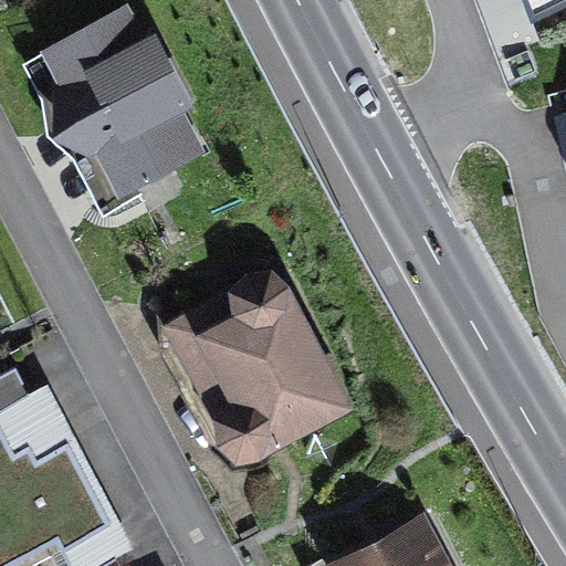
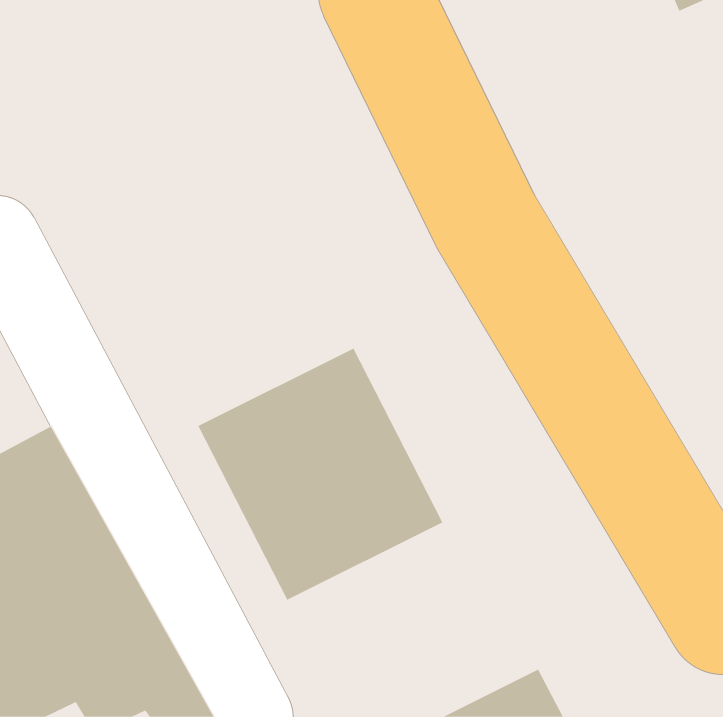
building: [44,21,208,207] -> none

